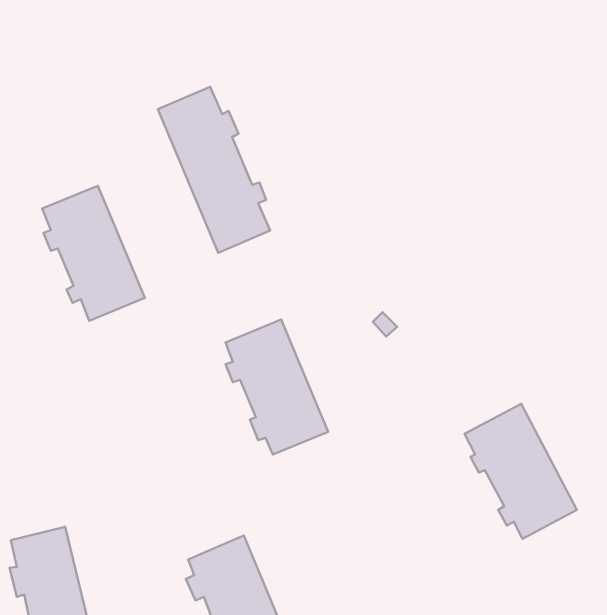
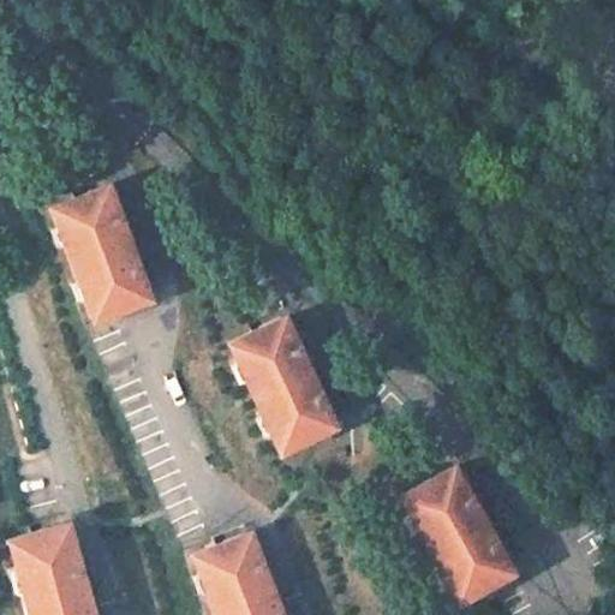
building: [158,87,270,253] -> none
building: [464,404,577,539] -> [402,466,514,601]

